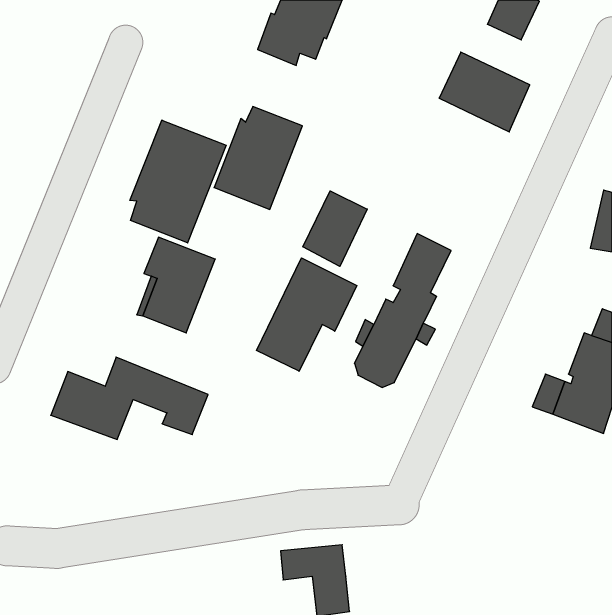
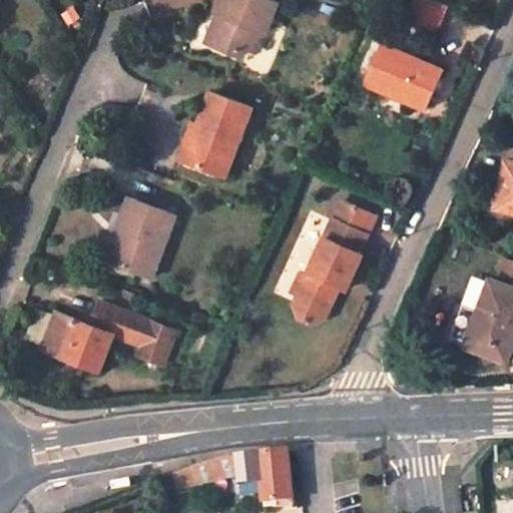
building: [130,120,226,243] -> none
building: [303,191,367,266] -> none
building: [257,258,357,371] -> none

